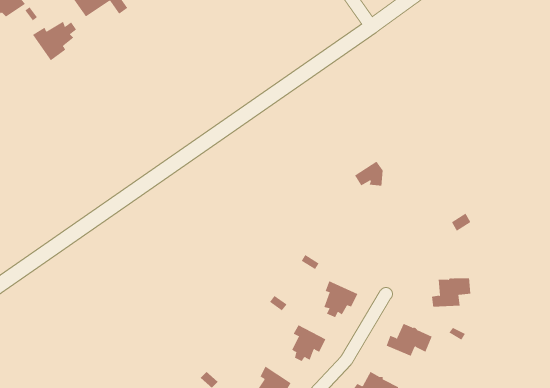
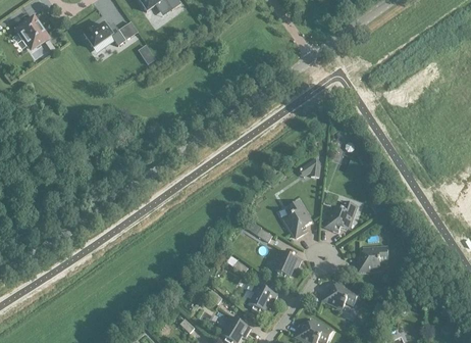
building: [32,21,77,61] -> none
building: none -> [283,200,311,237]
building: none -> [325,200,356,230]

